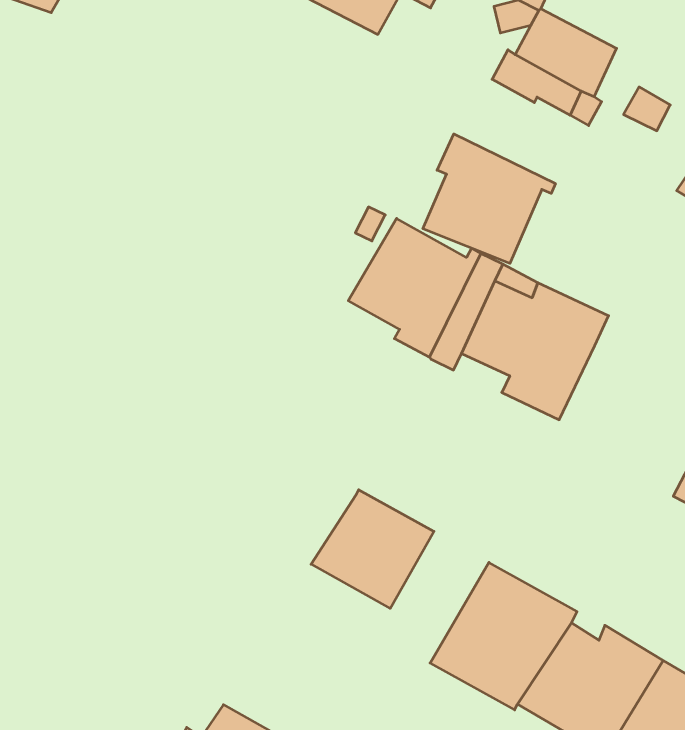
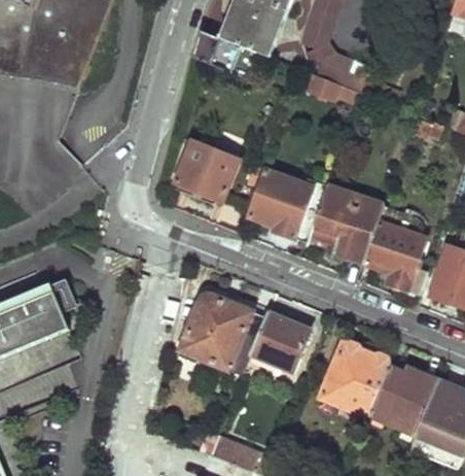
building: [423,134,555,263] -> none
building: none -> [175,139,239,198]
building: none -> [365,220,427,296]
building: none -> [177,294,265,374]

